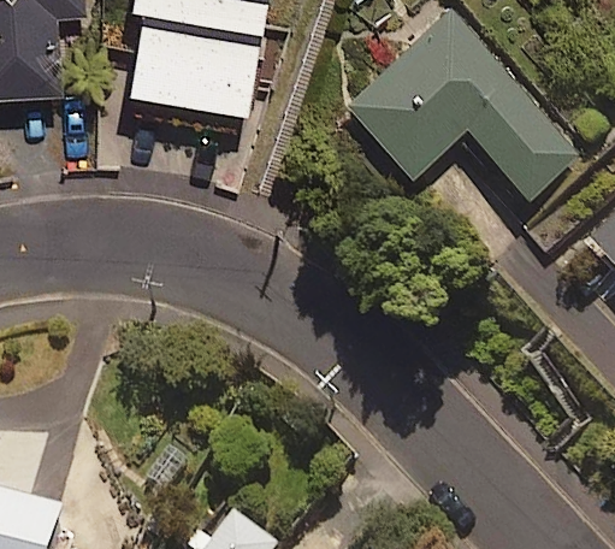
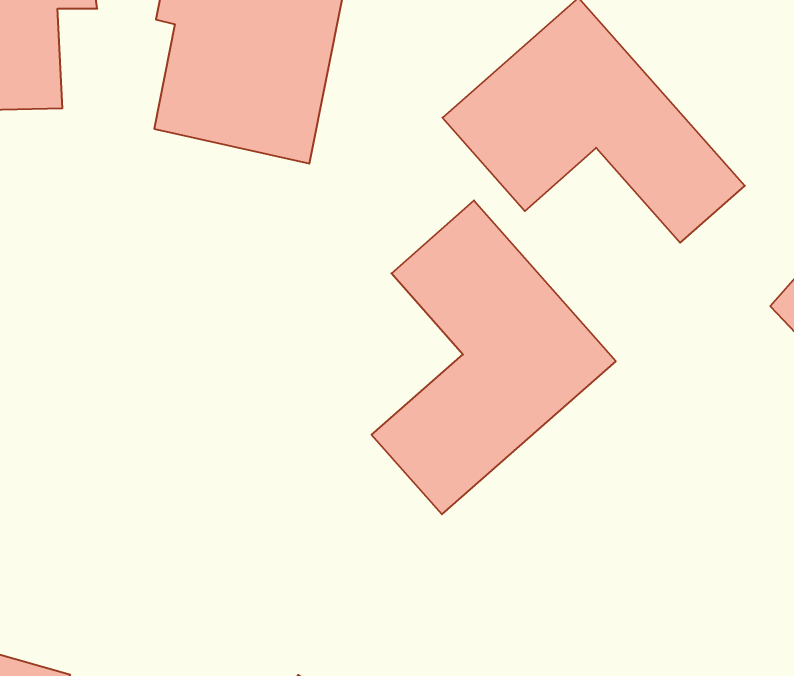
building: none -> [372,200,616,514]

